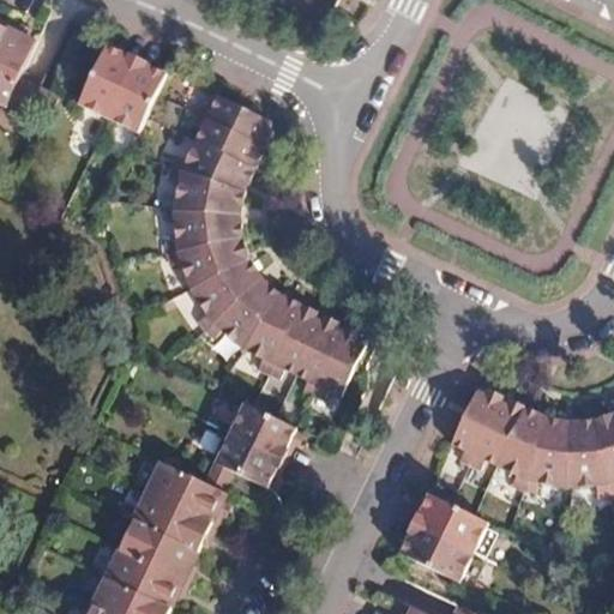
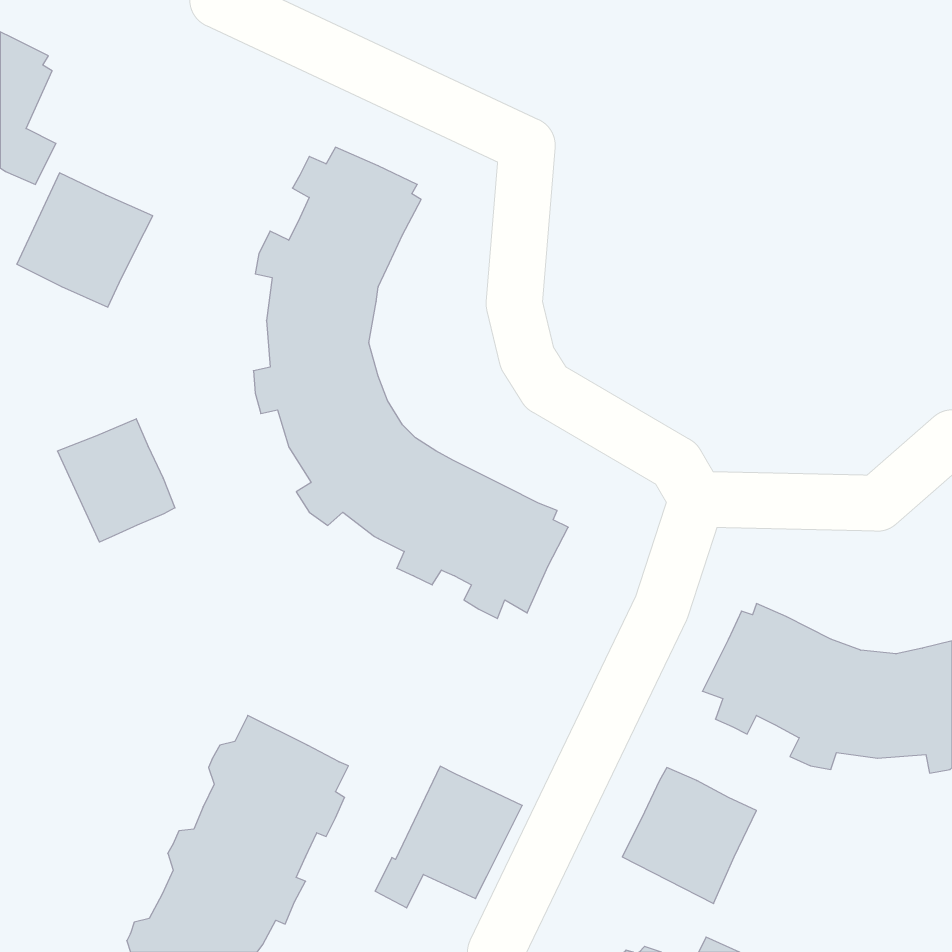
building: [78,44,165,131] -> [17,173,153,307]
building: none -> [58,419,175,542]
building: [198,399,293,490] -> [375,766,522,908]

